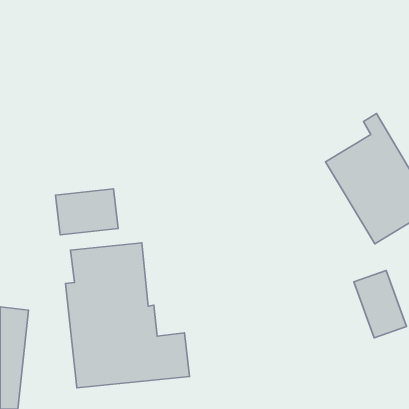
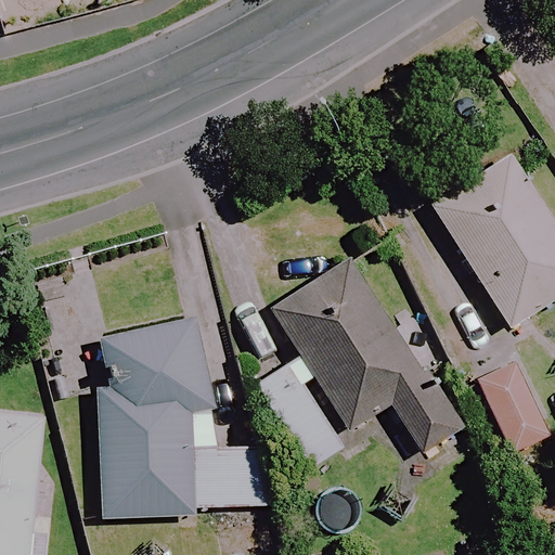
building: [55,189,118,235] -> none
building: none -> [258,257,462,468]

